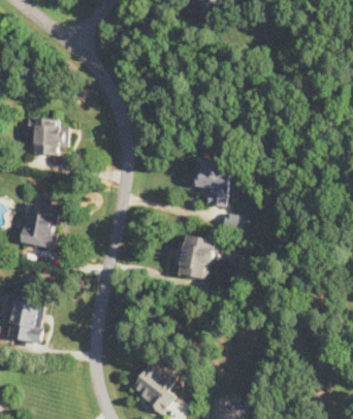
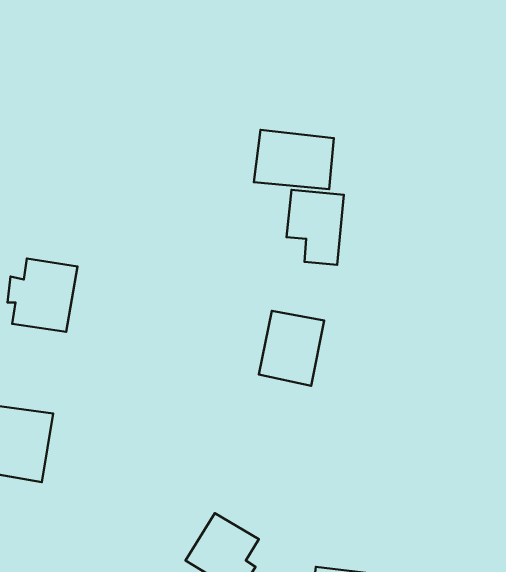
building: [27,118,68,155] -> none
building: none -> [254,130,334,189]

